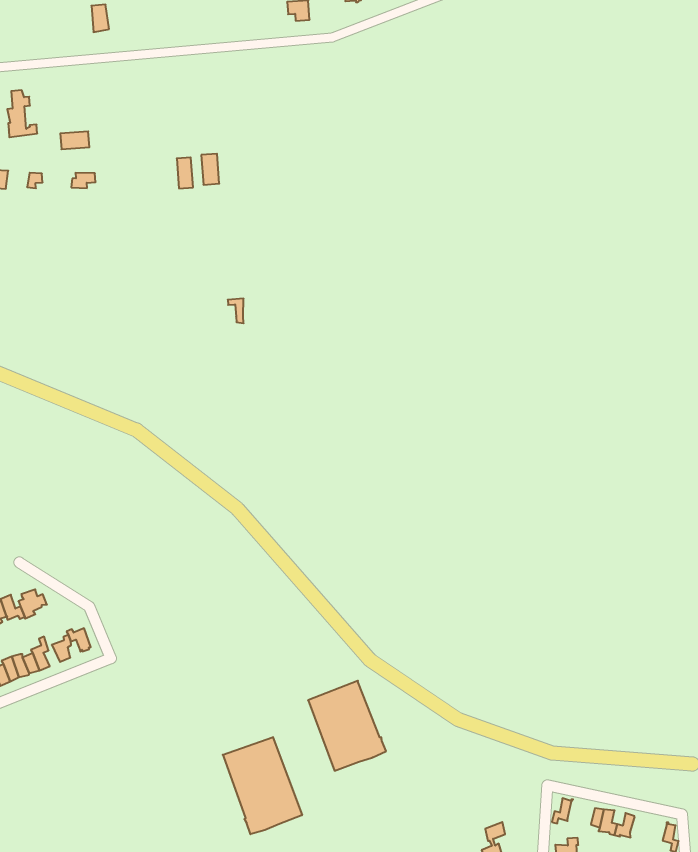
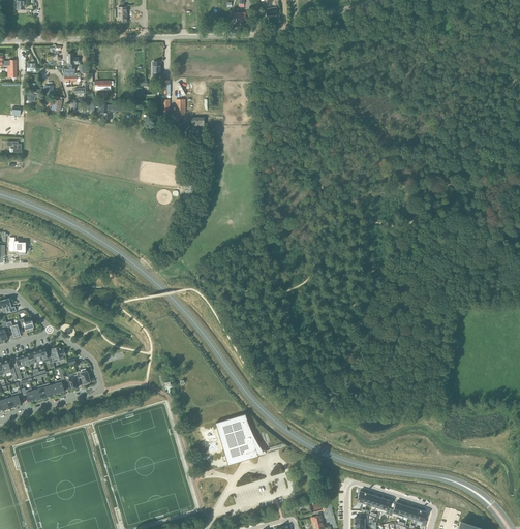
building: [223,737,302,834] -> none

